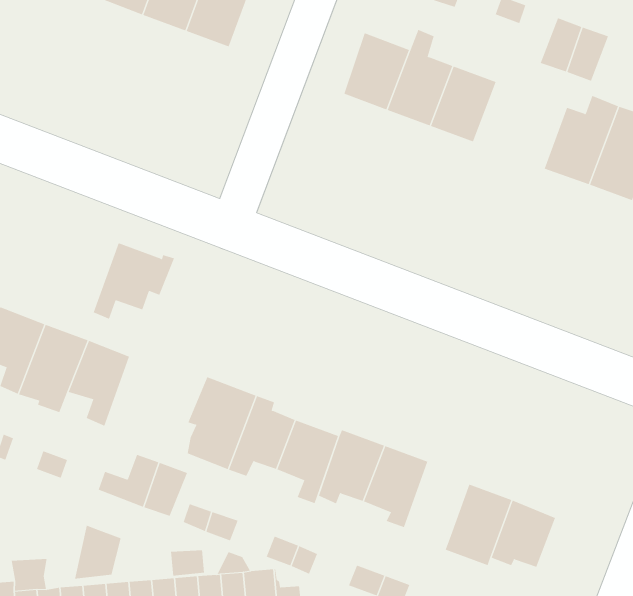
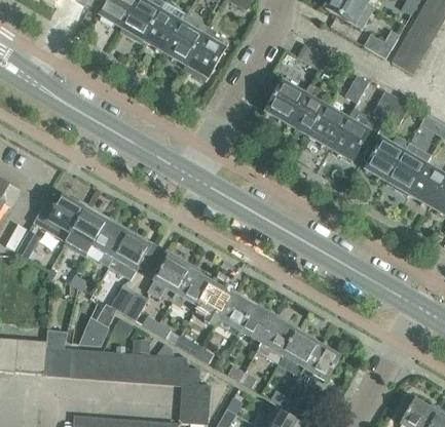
building: none -> [330,119,370,162]
building: [93,243,175,320] -> [109,232,157,272]
building: none -> [257,314,299,357]

